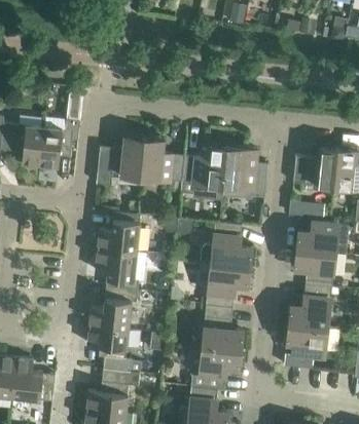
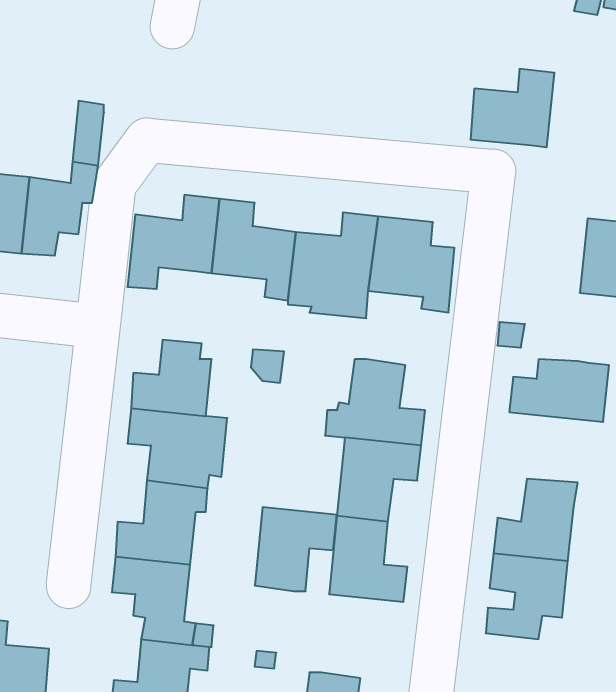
building: [293,147,337,188] -> [470,69,555,147]
building: [294,250,335,287] -> none
building: [198,346,241,390] -> [255,507,337,591]

